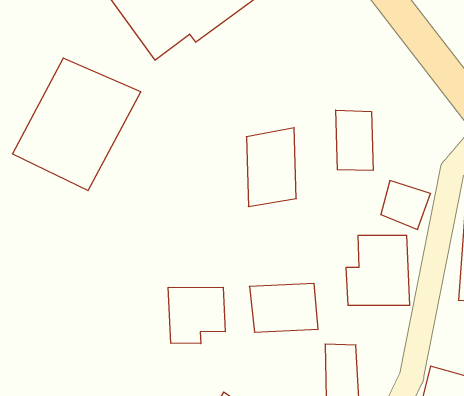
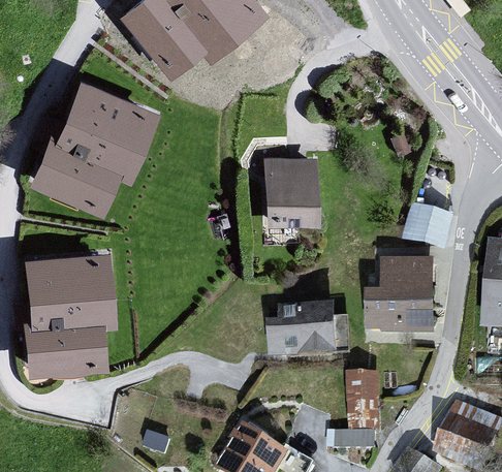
building: [336,110,373,170] -> none
building: none -> [21,250,107,374]
building: [168,287,225,344] -> none

